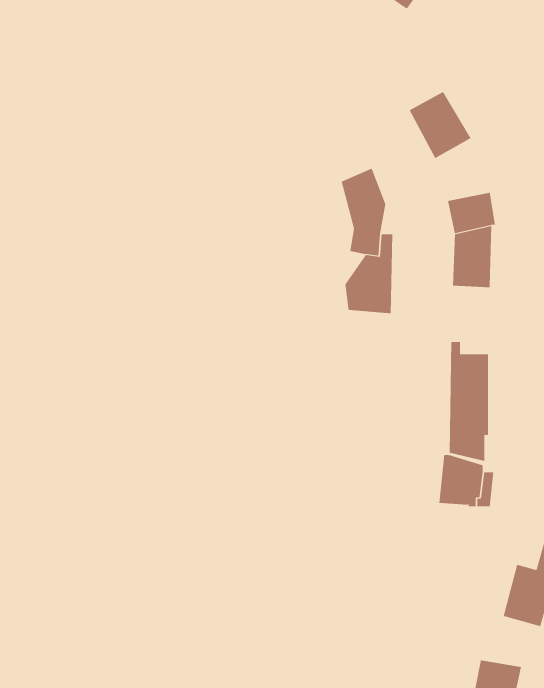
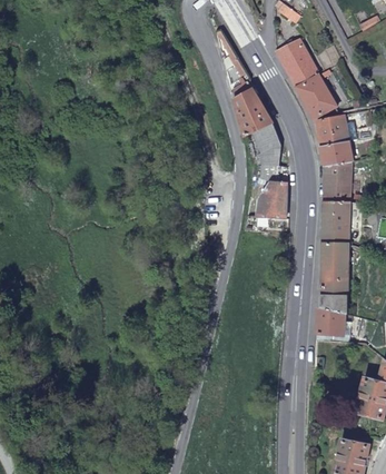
building: none -> [276,39,318,87]
building: none -> [230,81,273,136]
building: none -> [316,115,348,145]
building: none -> [323,199,348,243]

